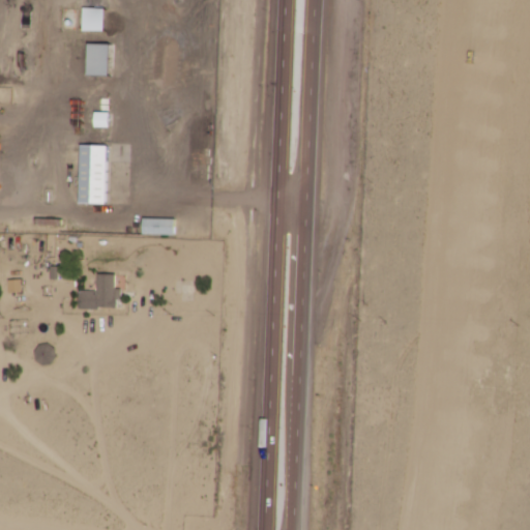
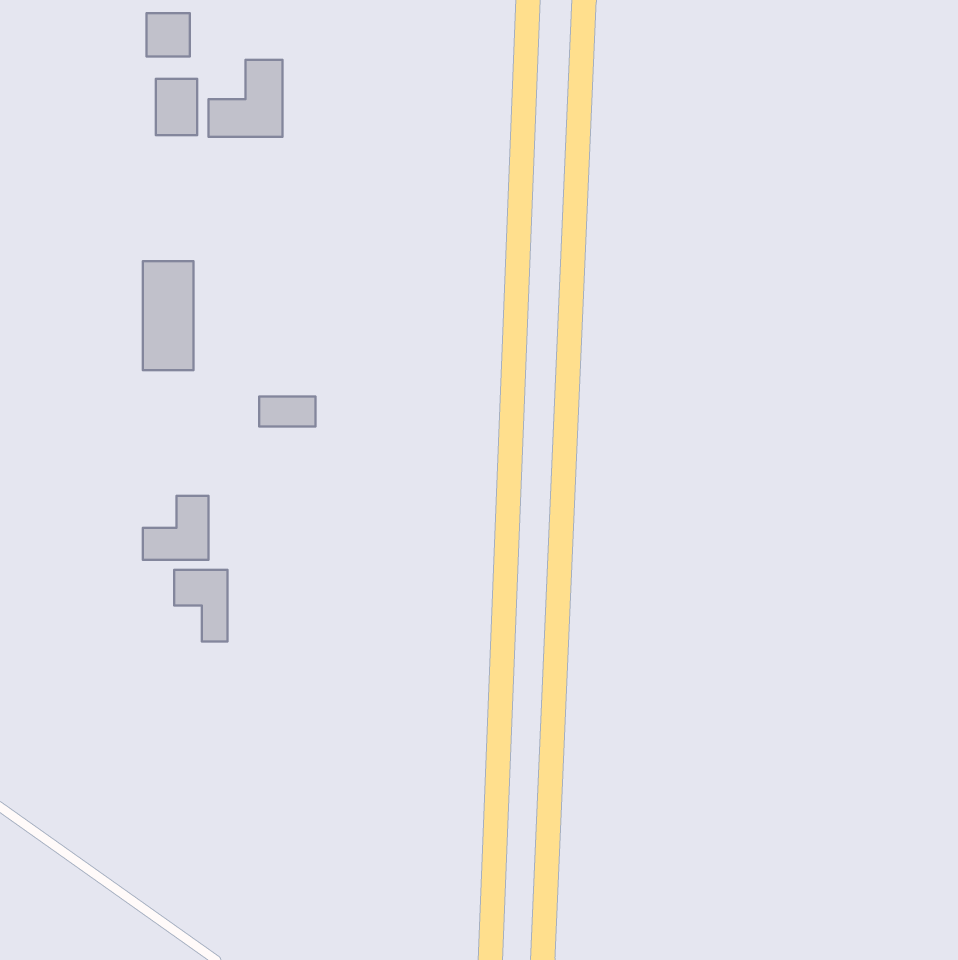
building: none -> [209,60,283,137]
building: none -> [174,570,228,641]

